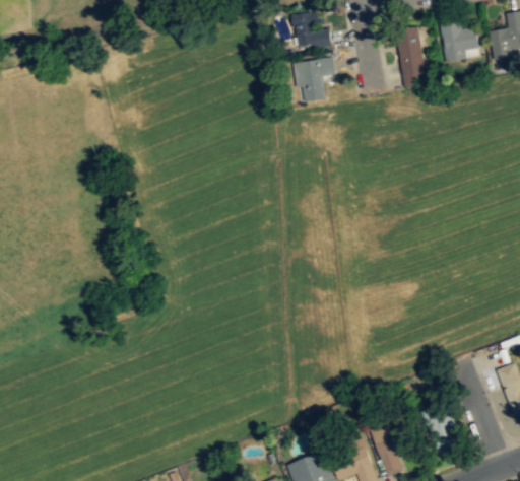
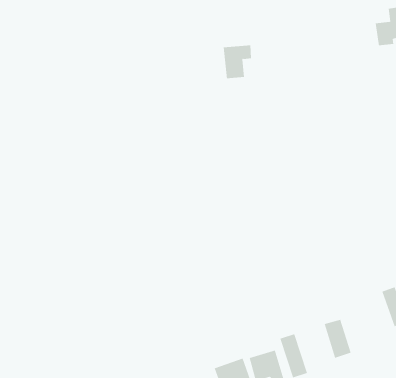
building: [291,12,330,50] -> none
building: [441,21,478,62] -> none
building: [397,27,426,87] -> none

